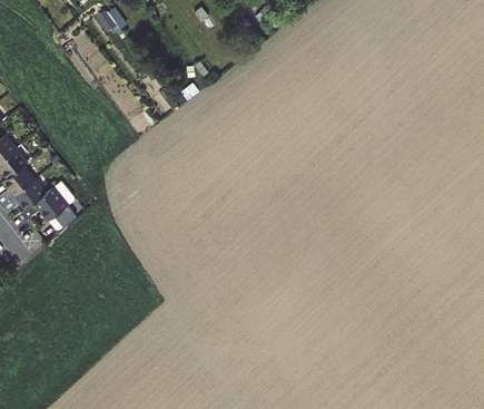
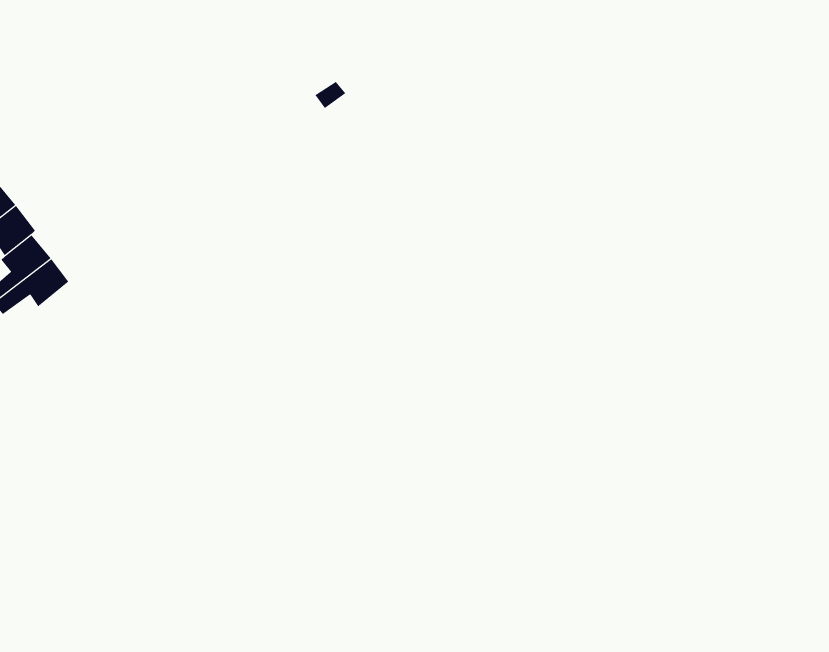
building: [24,187,71,218] -> none

